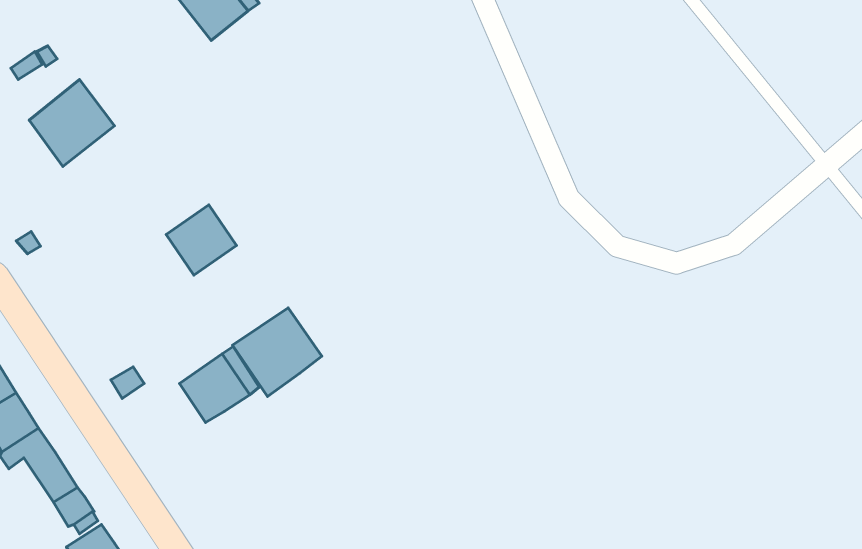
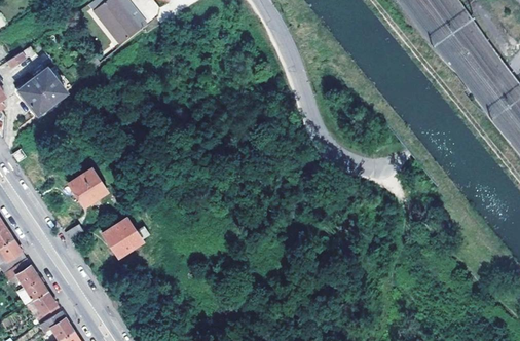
building: [166,205,236,275] -> [68,168,107,207]
building: [232,308,322,397] -> none

